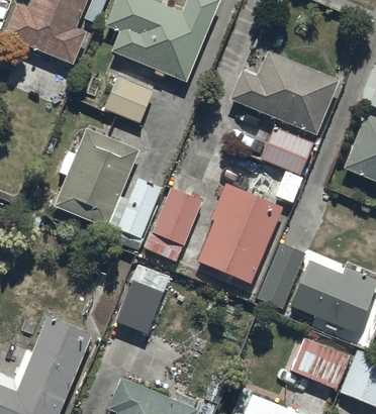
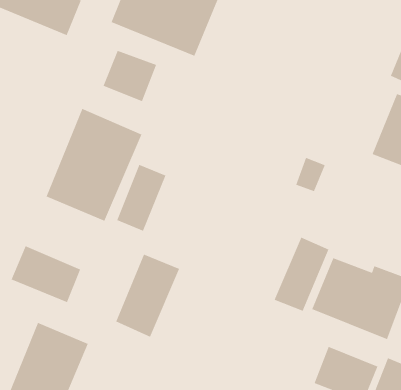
building: [229,51,339,135] -> none
building: [261,126,313,175] -> none
building: [197,183,282,283] -> none
building: [145,187,201,260] -> none
building: none -> [11,245,81,303]

